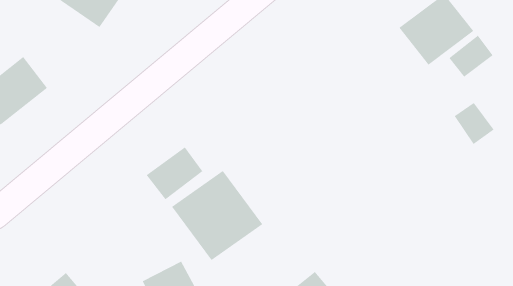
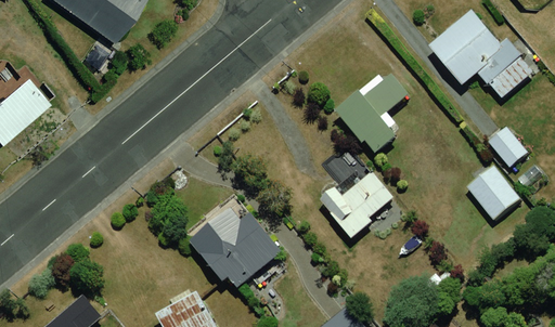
building: none -> [337,69,417,148]
building: none -> [464,160,518,217]
building: none -> [321,162,402,240]
building: [146,146,203,200] -> none

